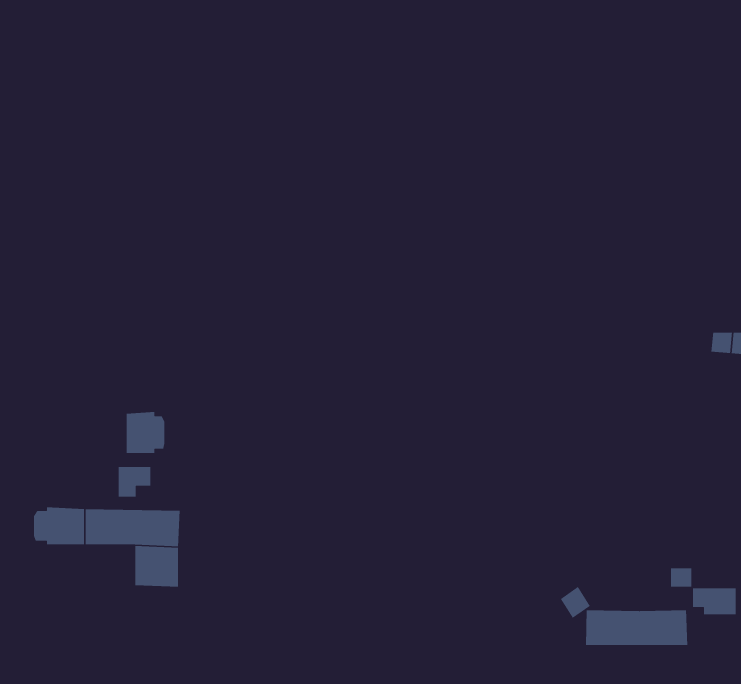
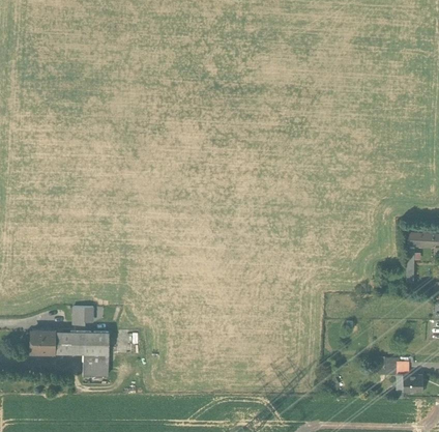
building: [126,411,165,454] -> none
building: [585,610,688,646] -> none

